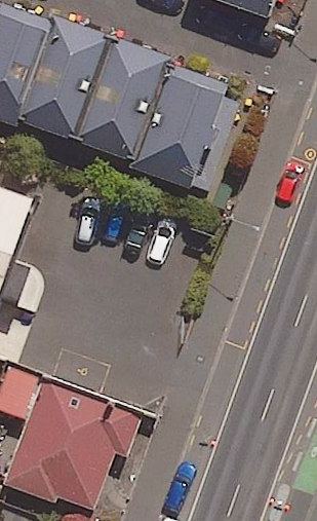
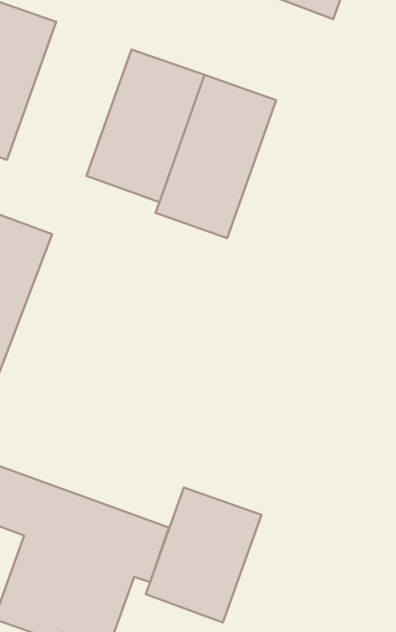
building: [16,22,110,141] -> none
building: none -> [146,487,262,622]

